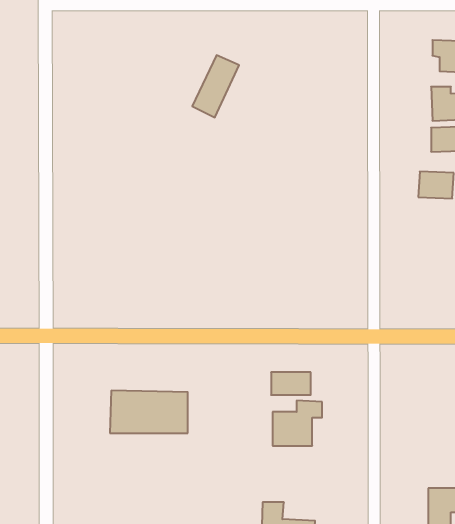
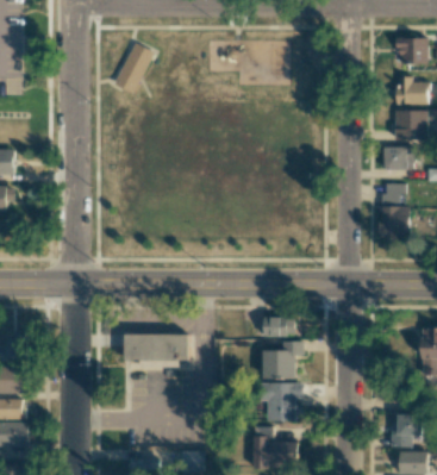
building: [192,55,239,117] -> [114,42,154,94]
building: none -> [381,183,410,240]
building: none -> [266,382,302,420]

